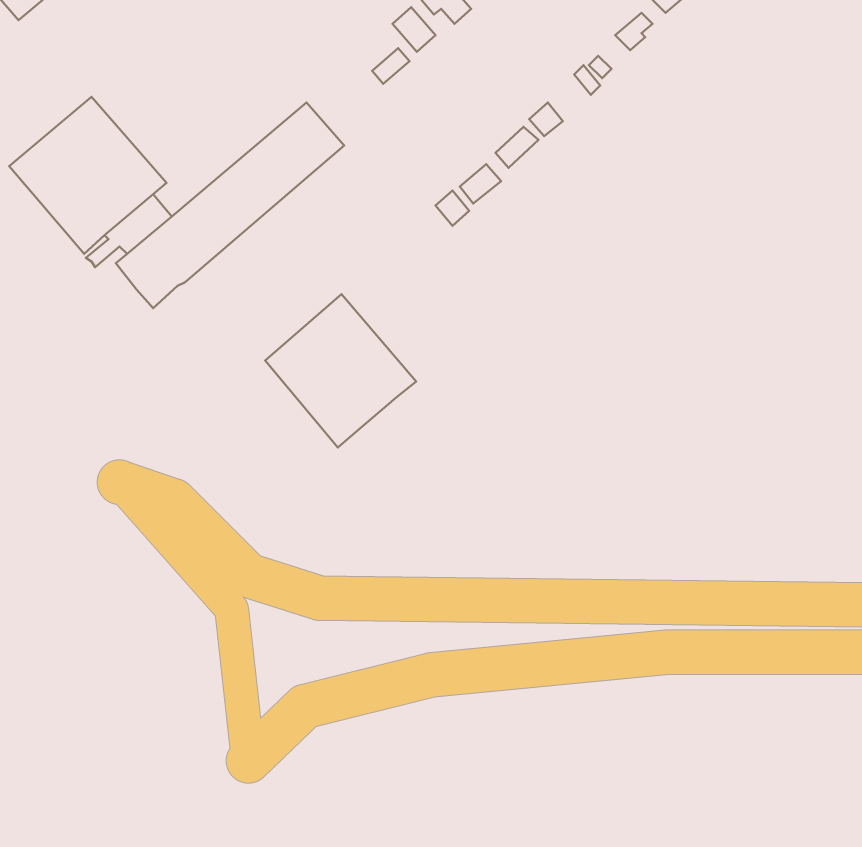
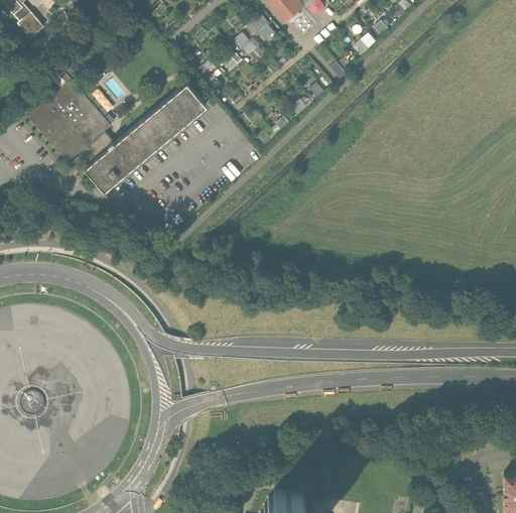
building: [265,294,416,447] -> none

